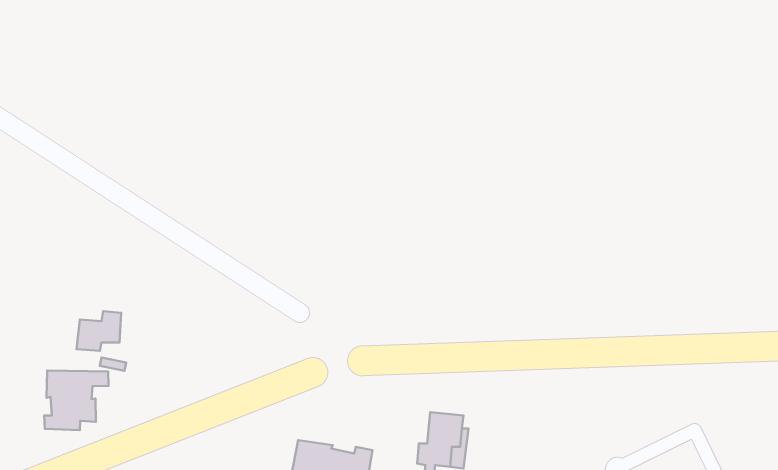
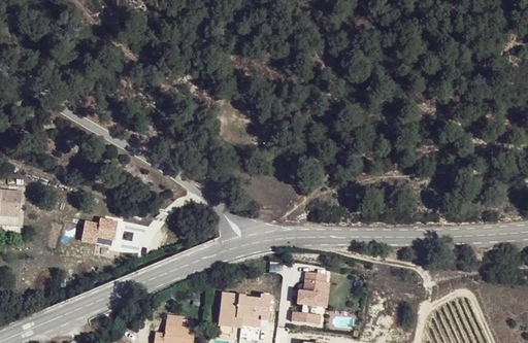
building: [44,370,108,430] -> none

